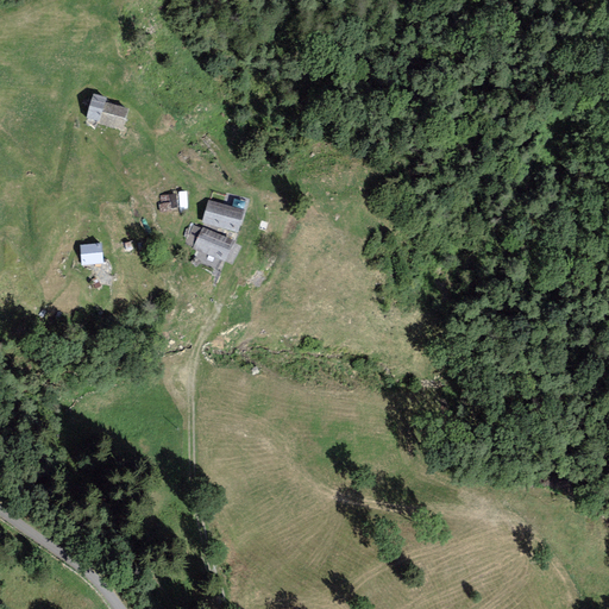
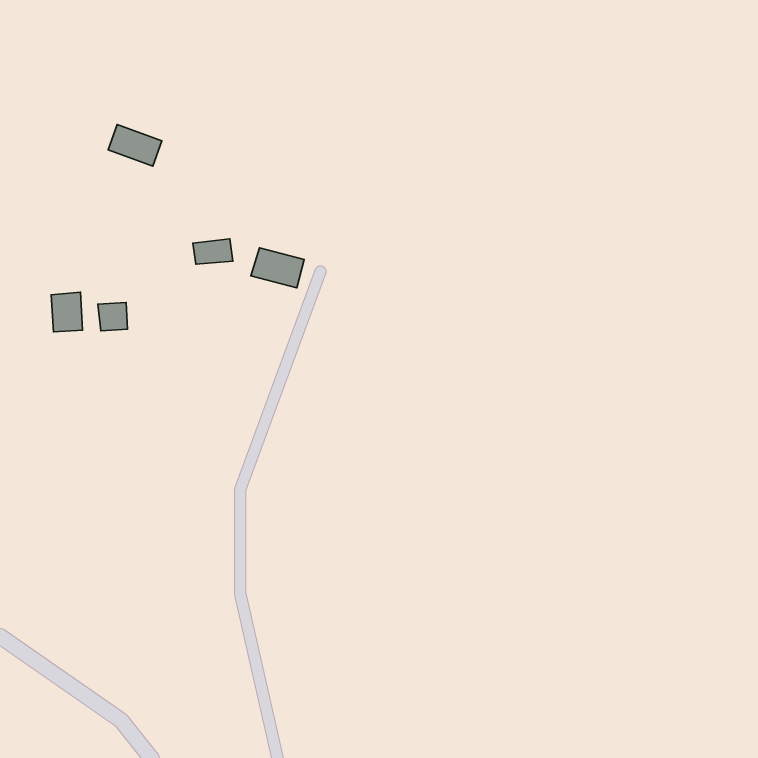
building: [192,227,232,260] -> none
building: none -> [51,292,82,332]

